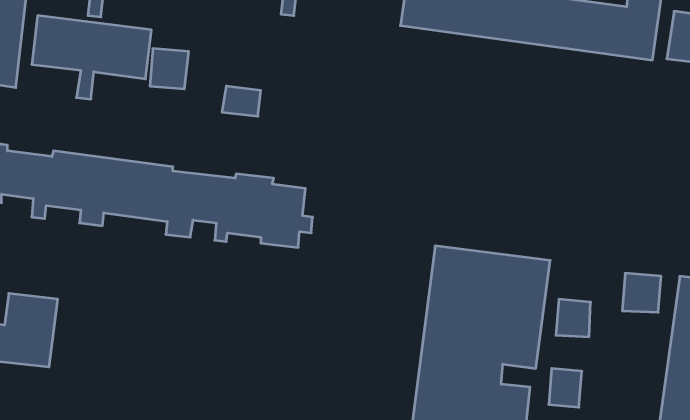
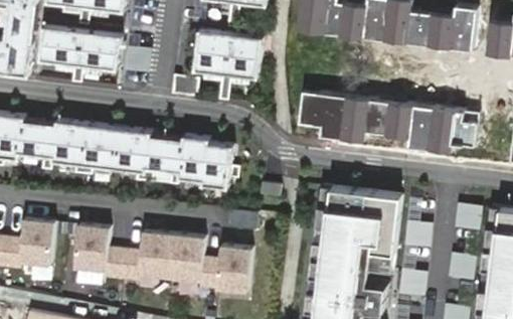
building: none -> [183,26,252,98]
building: none -> [302,89,484,153]
building: none -> [74,224,256,296]

